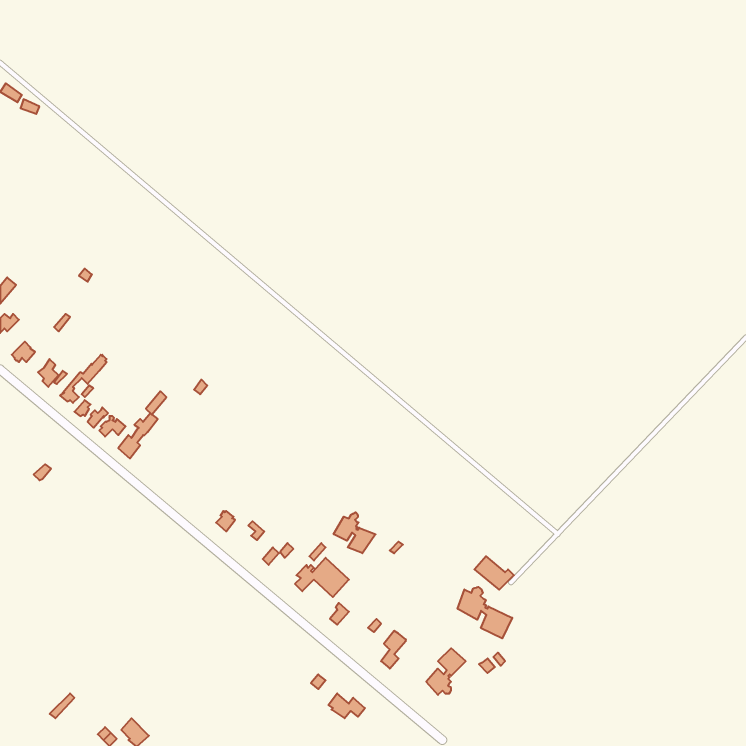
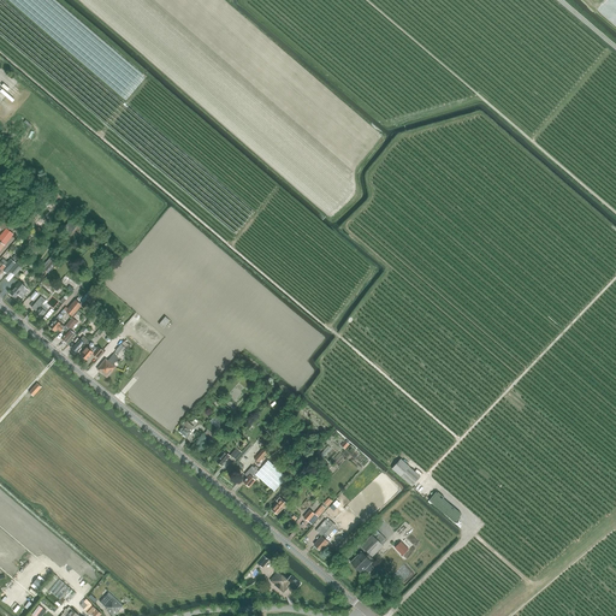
building: [334,512,376,553] -> none
building: [458,587,512,638] -> none

